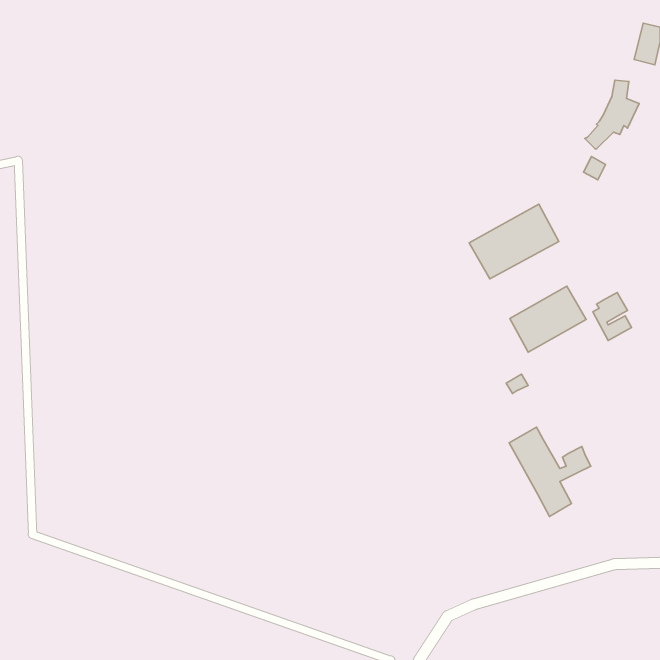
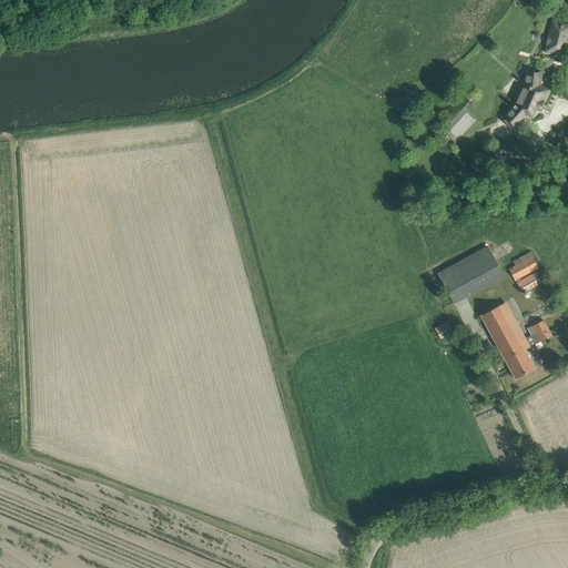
building: [469,204,559,279] -> none
building: [509,427,591,517] -> [480,302,550,378]

